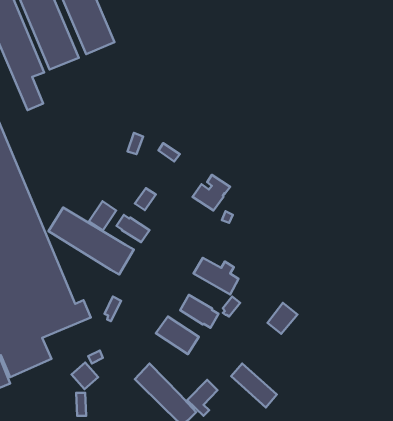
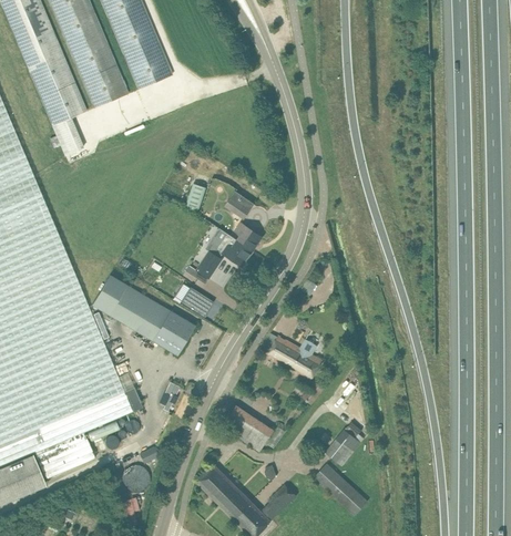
building: [192,175,230,211] -> [216,223,262,266]
building: [89,201,116,231] -> none
building: [180,295,218,328] -> none
building: [267,303,298,334] -> [325,429,361,466]

